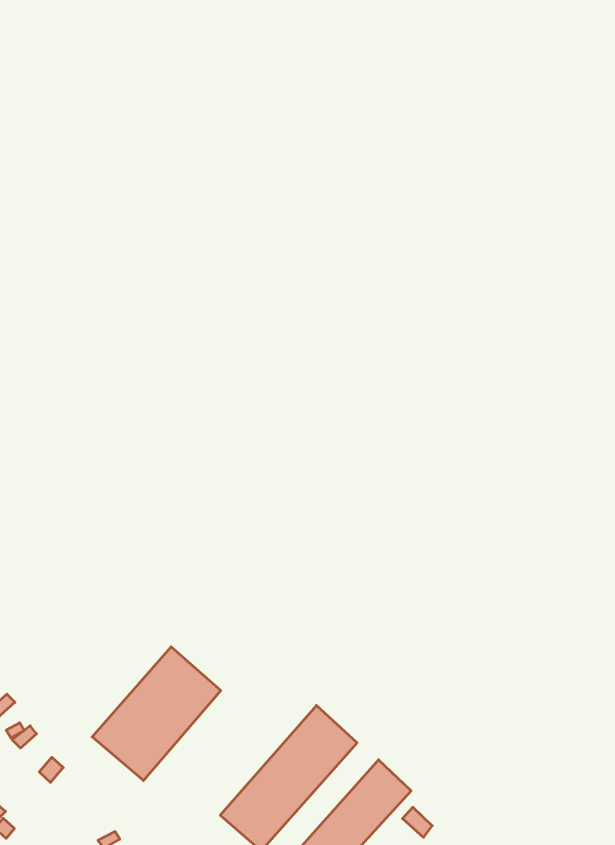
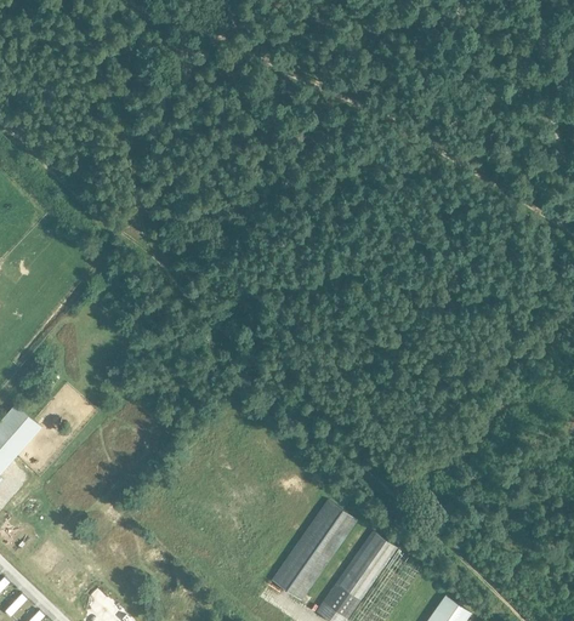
building: [92,647,221,781] -> none

